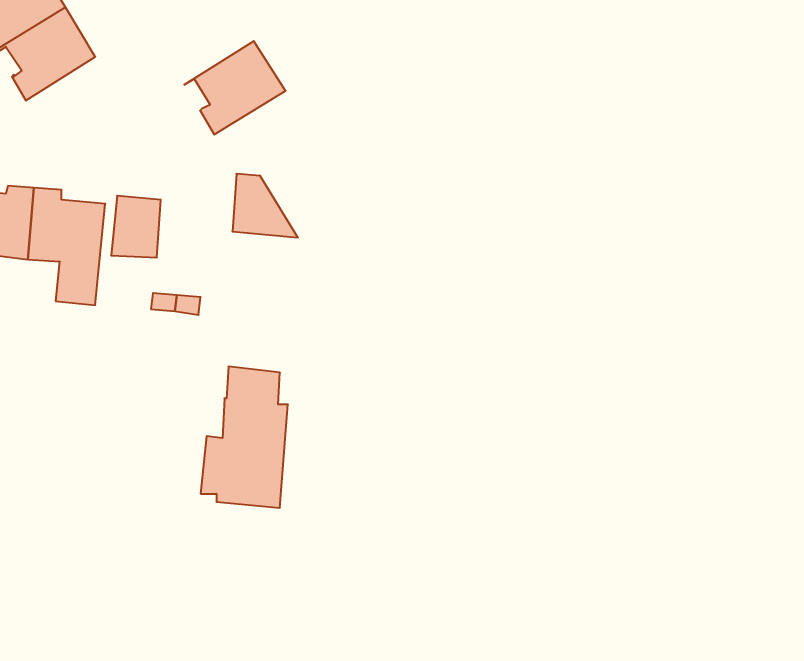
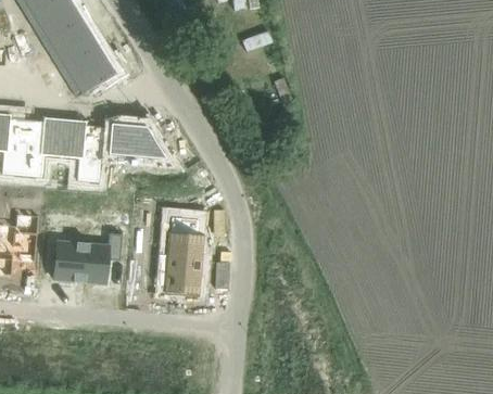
building: [184,41,286,134] -> [60,47,115,98]
building: [232,174,298,237] -> [131,125,167,160]
building: none -> [53,233,122,283]

